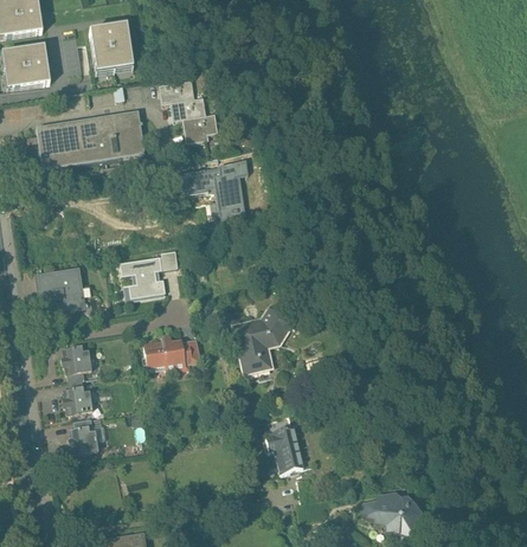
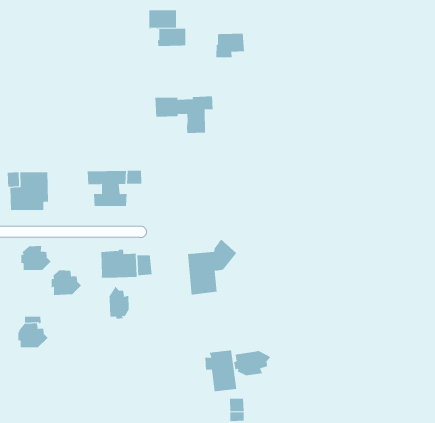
building: [36,110,144,168] -> none
building: [175,117,217,147] -> [207,33,245,58]
building: none -> [109,286,129,320]
building: [62,386,95,414] -> [51,270,82,295]
building: none -> [233,350,271,376]

